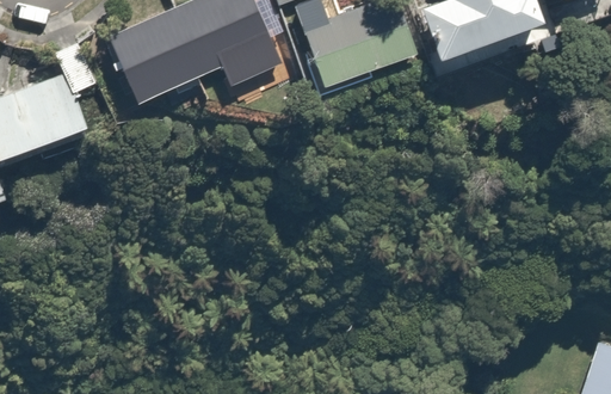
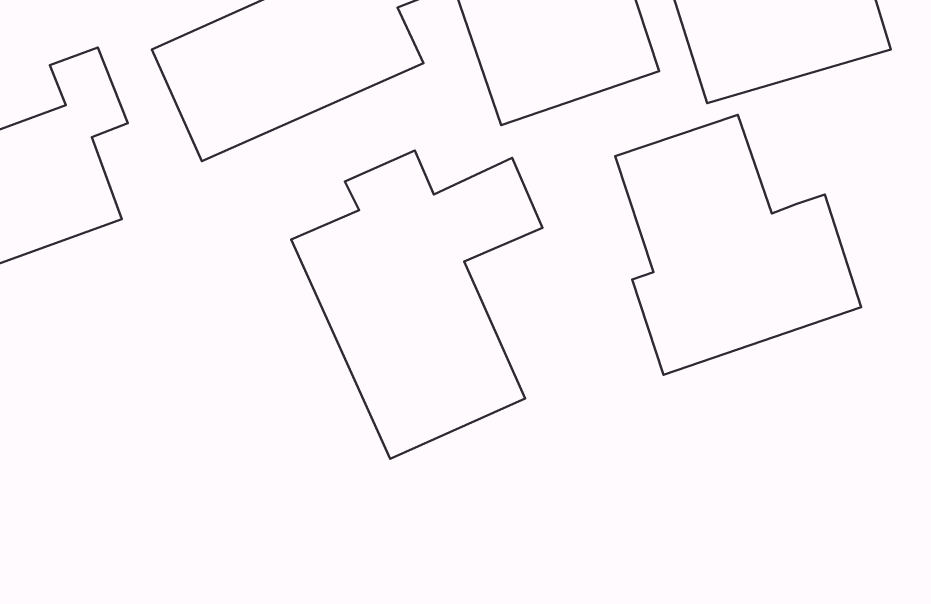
building: none -> [615,115,861,375]
building: none -> [291,150,543,459]

